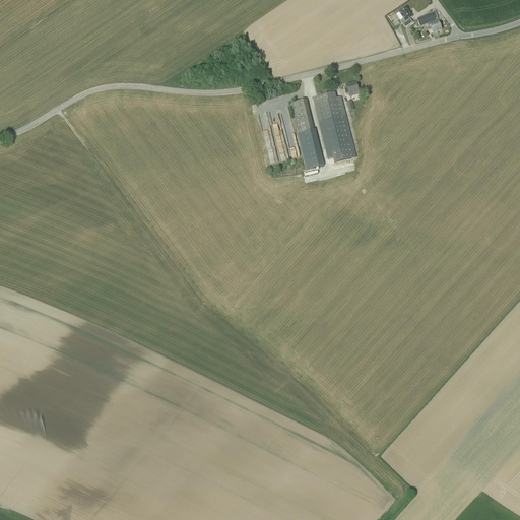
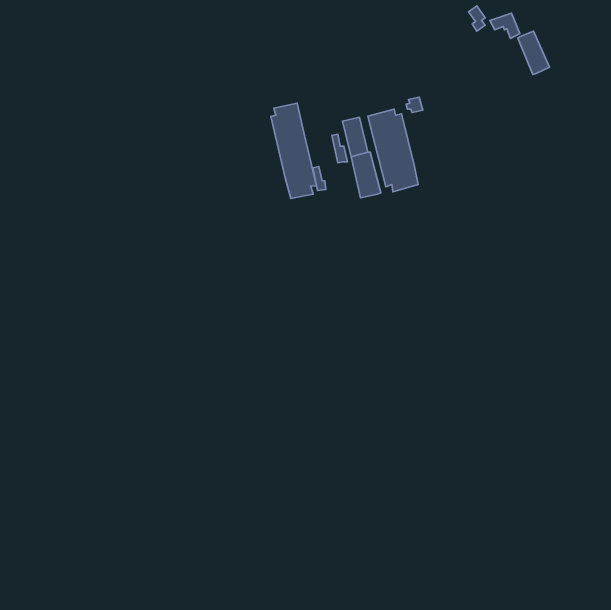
building: none -> [518,31,549,75]
building: none -> [271,103,316,198]

